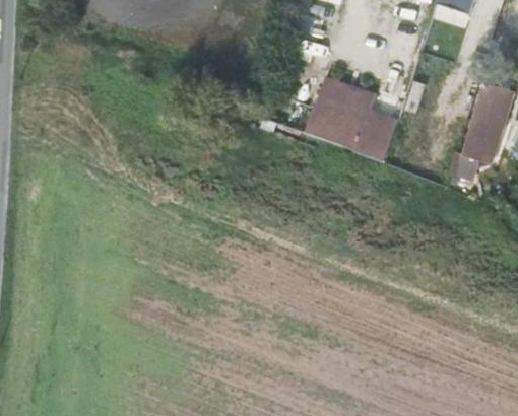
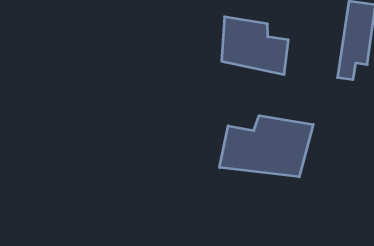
building: none -> [220,116,313,177]

